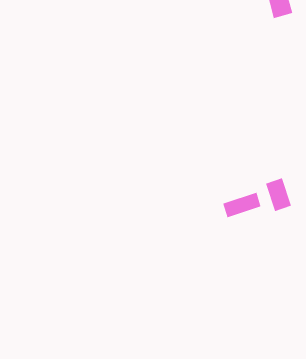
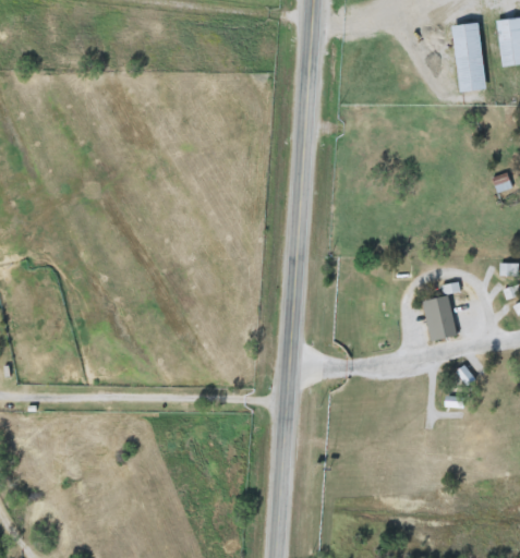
building: [223,192,261,218] -> none

